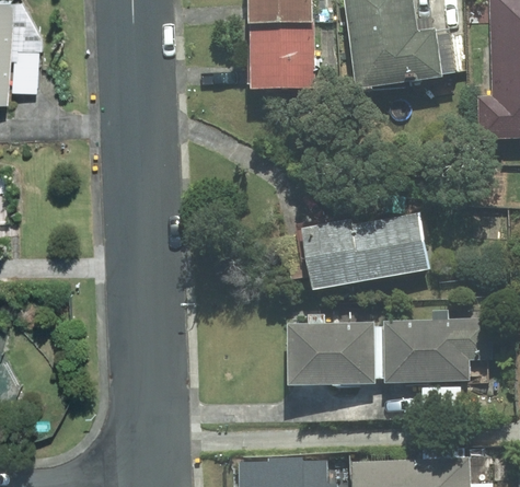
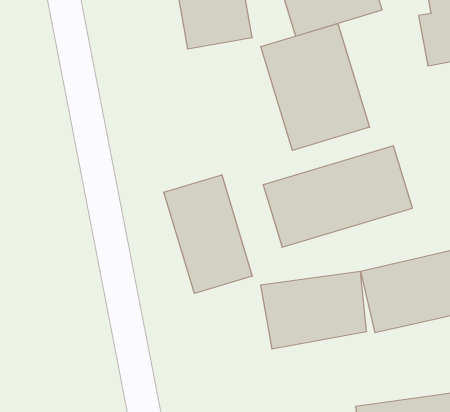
building: none -> [261,23,370,150]
building: none -> [164,175,252,293]

